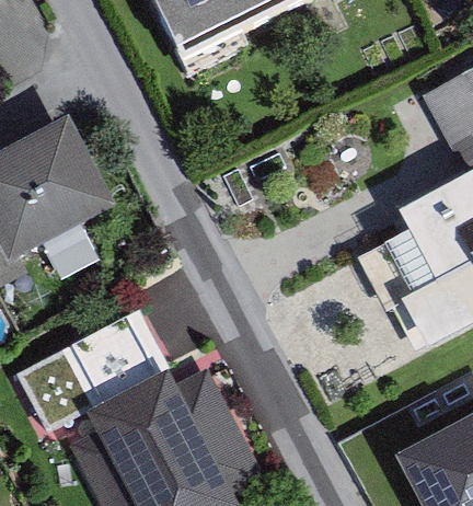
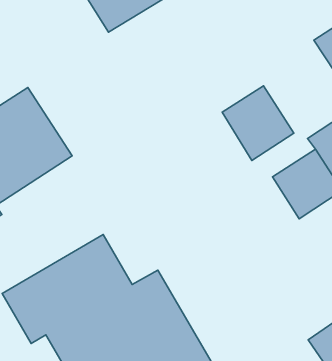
building: none -> [222,86,294,160]

